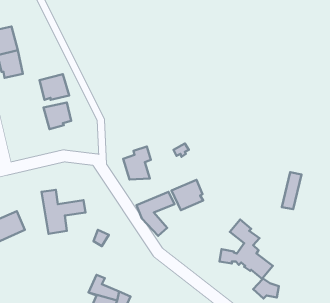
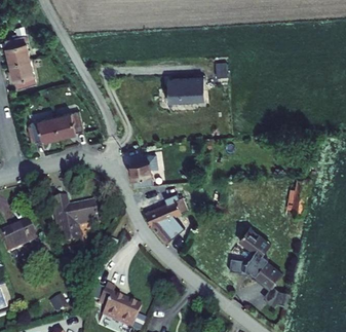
building: none -> [169,78,207,103]
building: [39,74,69,100] -> [30,114,60,140]
building: [171,180,203,210] -> none

